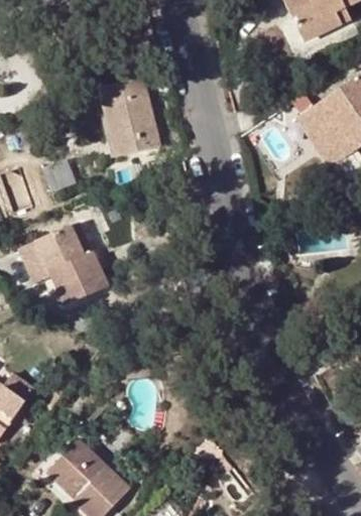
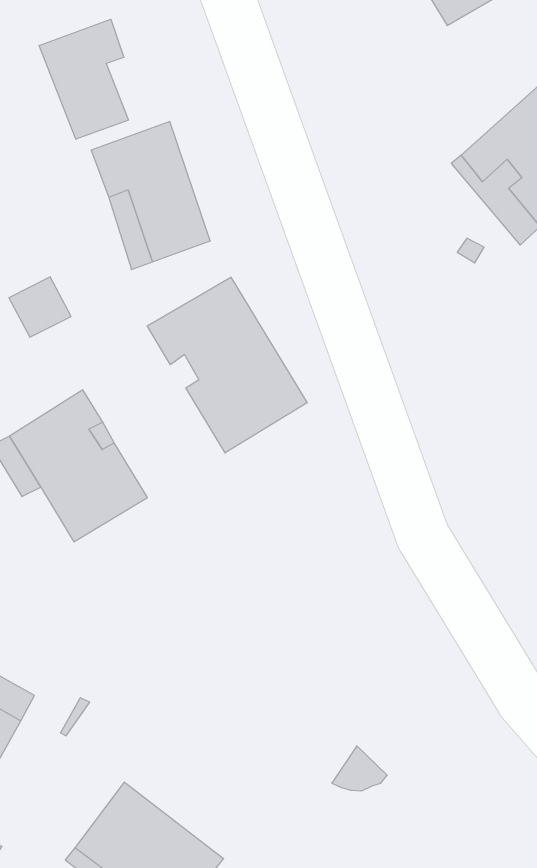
building: none -> [39,19,128,139]
building: none -> [147,277,307,453]

